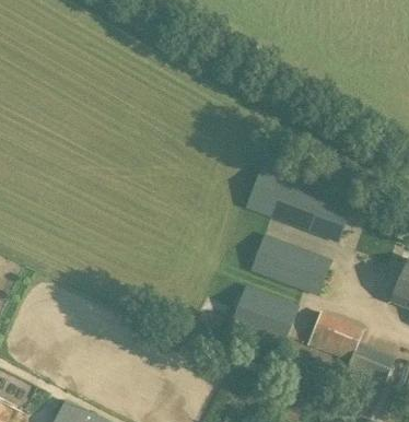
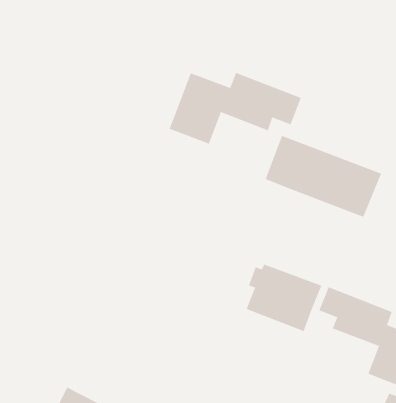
building: none -> [169,72,301,144]
building: [249,232,332,295] -> none

